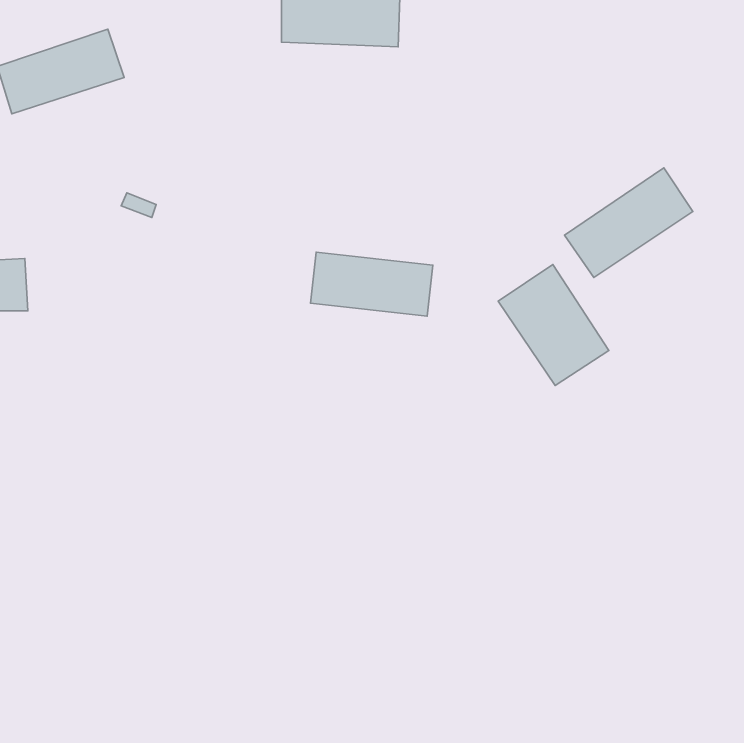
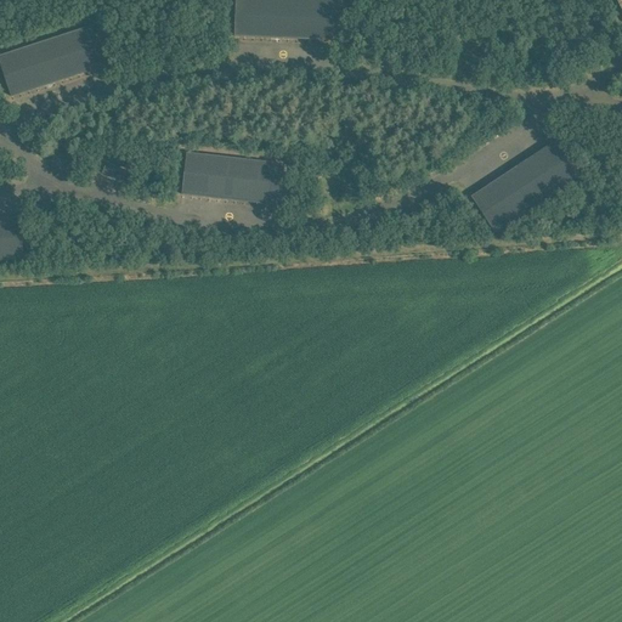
building: [310,252,433,316] -> [181,151,283,204]
building: [498,265,609,386] -> none

